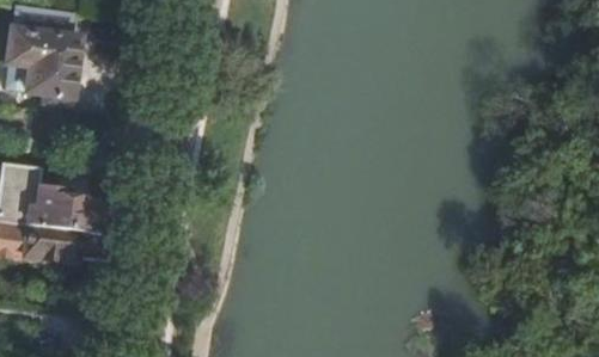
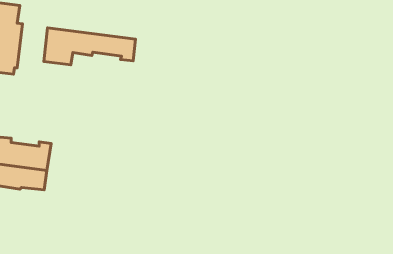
building: none -> [44,28,135,65]

